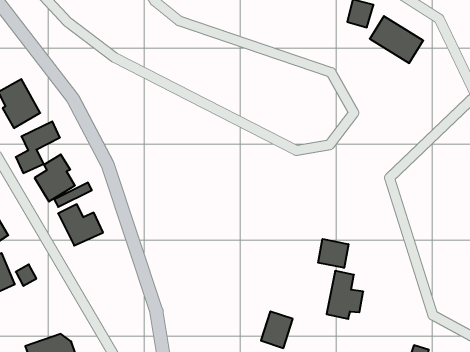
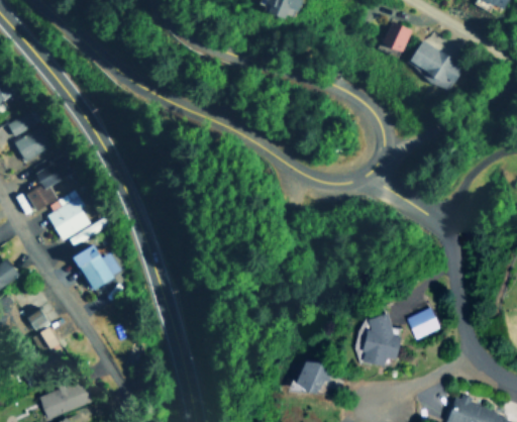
building: [318,239,348,268] -> none
building: none -> [409,309,442,338]
building: none -> [32,327,59,352]

